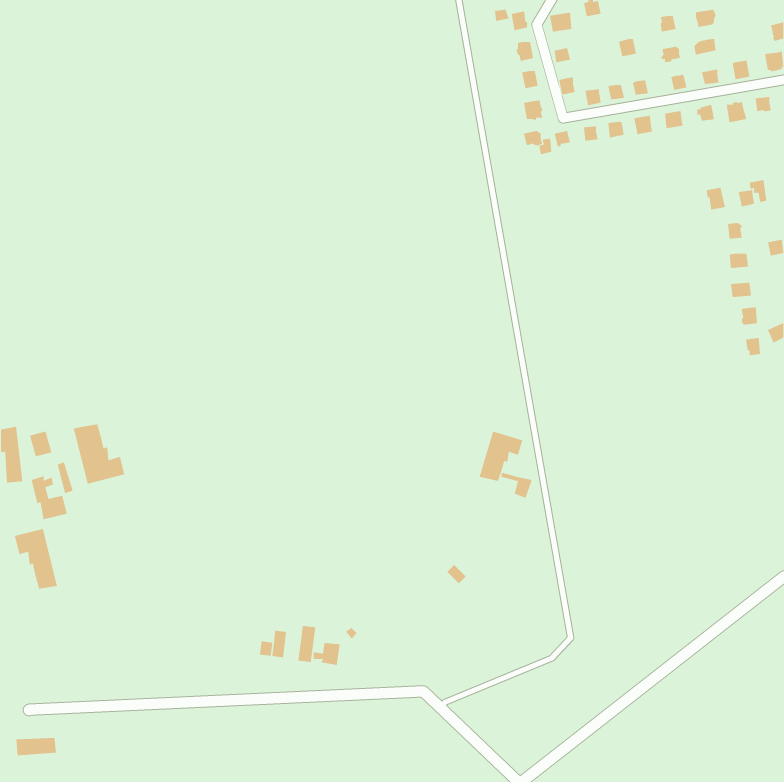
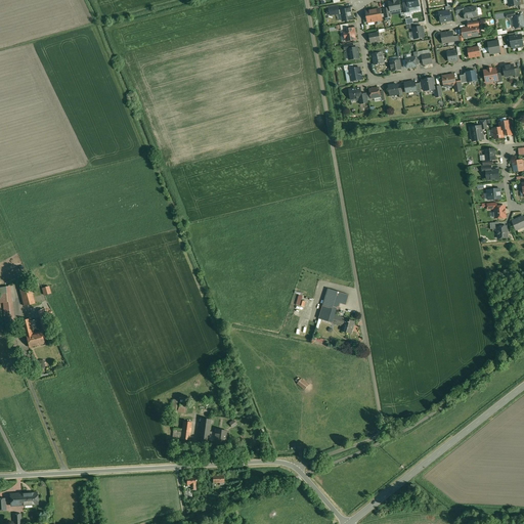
building: [73,424,125,484] -> none
building: [14,528,58,590] -> none

